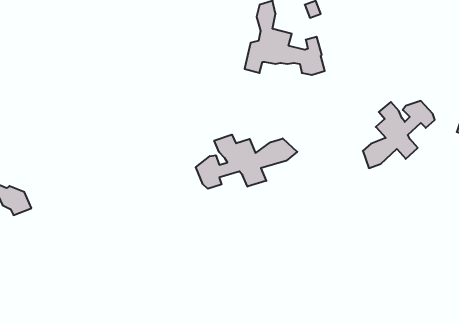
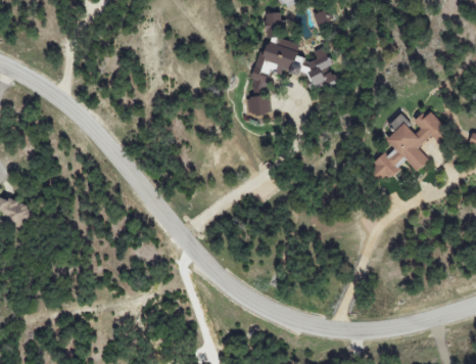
building: none -> [246,94,271,113]
building: [196,135,297,189] -> none

